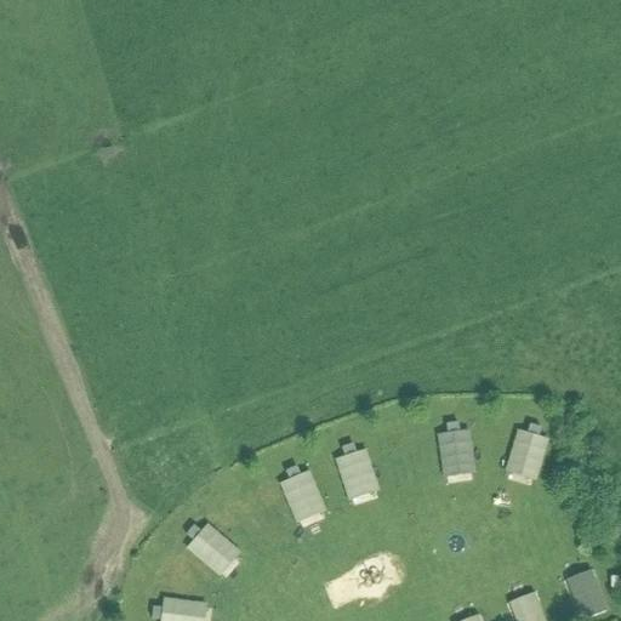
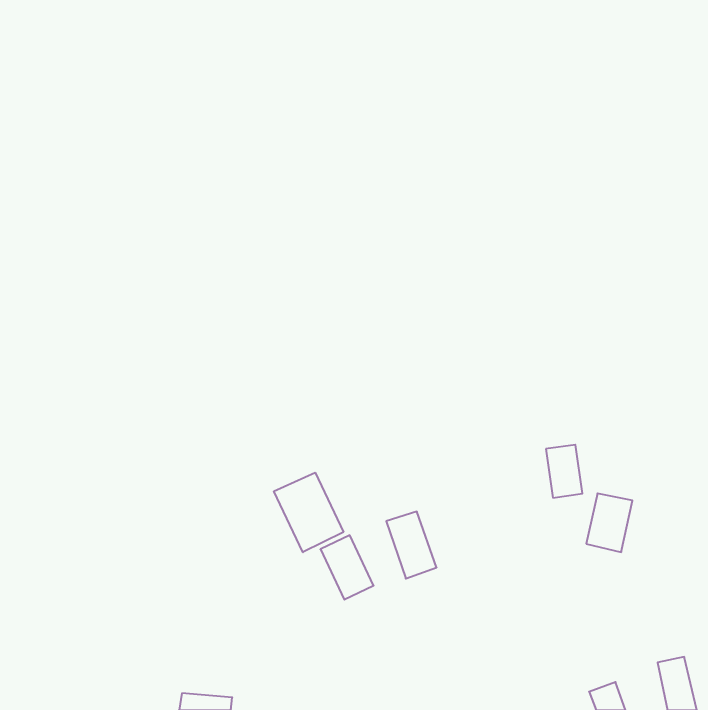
building: none -> [274,473,343,552]
building: [443,432,474,478] -> [546,445,582,498]
building: [183,517,239,570] -> none

